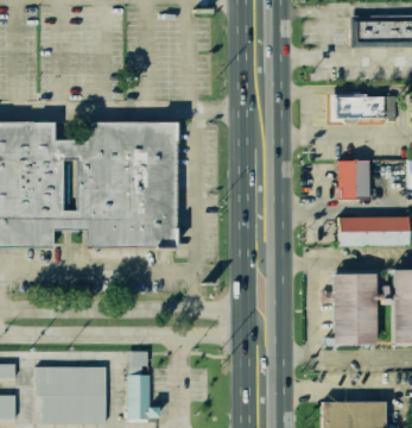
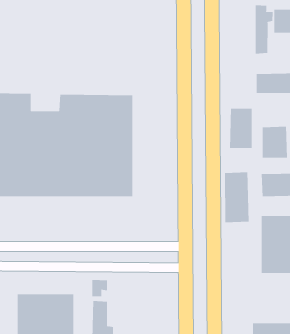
building: none -> [255,5,273,54]
building: none -> [230,108,252,149]
building: none -> [225,172,249,223]

